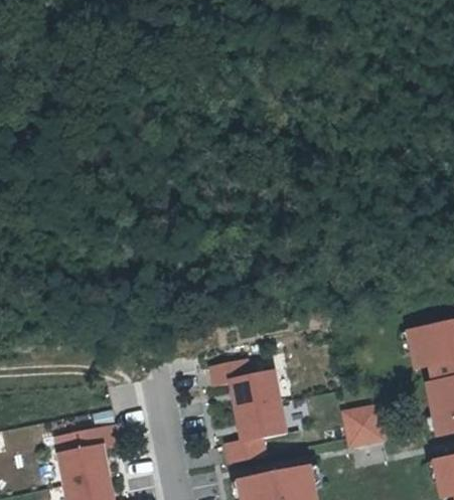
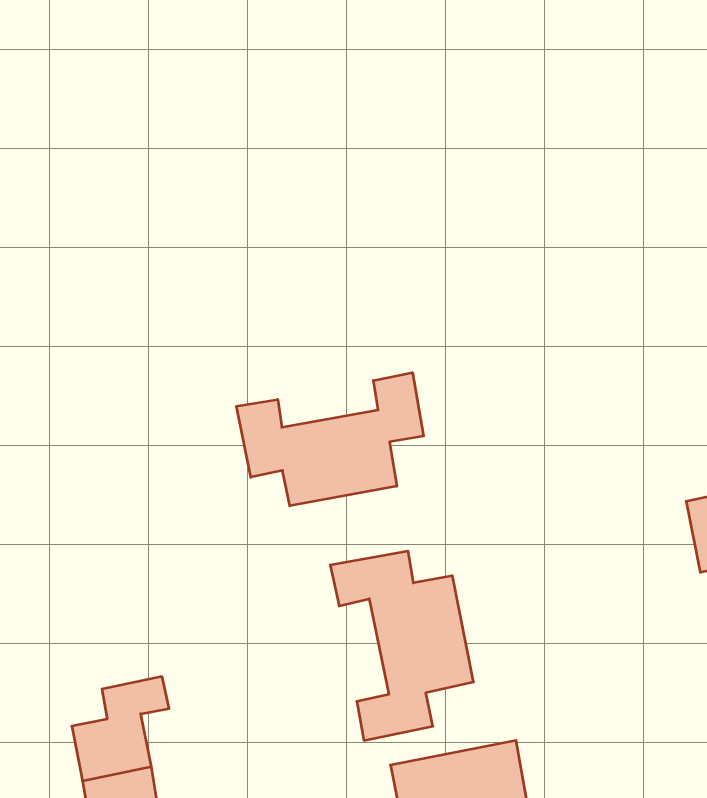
building: none -> [236,373,424,506]
building: [334,404,382,449] -> none

